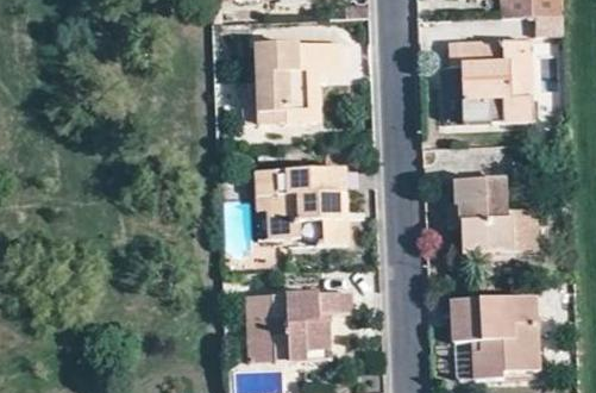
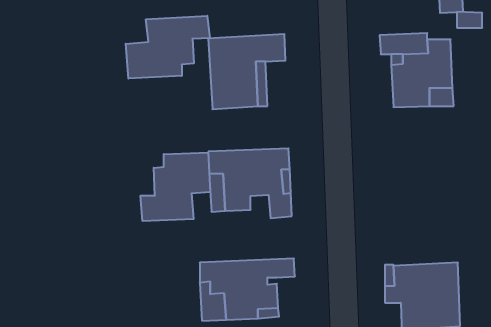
building: none -> [126,16,210,79]
building: none -> [141,153,210,221]
building: [457,175,516,251] -> none

